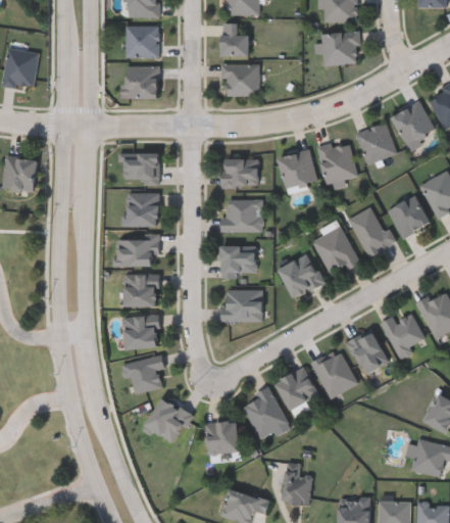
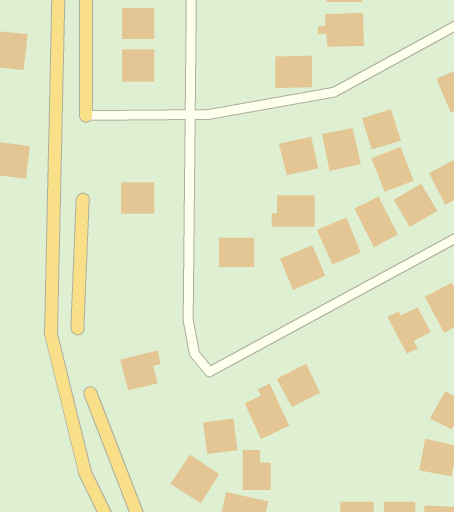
building: [220,23,248,55] -> none
building: [222,63,259,96] -> [274,55,313,89]
building: [392,101,435,146] -> [370,146,415,193]
building: [123,151,159,184] -> none
building: [222,158,257,185] -> none
building: [220,199,263,231] -> [271,194,316,227]
building: [116,235,158,266] -> none
building: [123,274,158,306] -> none
building: [224,290,262,322] -> none
building: [123,315,160,348] -> none
building: [347,329,389,375] -> none
building: [312,348,357,397] -> none
building: [143,396,192,445] -> [169,453,220,505]
building: [282,464,310,504] -> [242,449,272,491]

